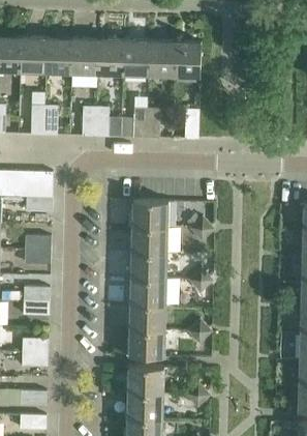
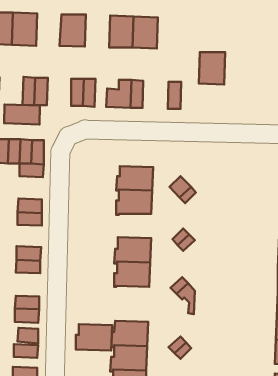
building: [44,38,71,72] -> none
building: [96,39,123,75] -> none
building: [173,42,201,77] -> [199,52,225,84]
building: none -> [4,104,40,124]
building: [128,252,166,279] -> none
building: [126,328,164,356] -> [76,324,112,350]

